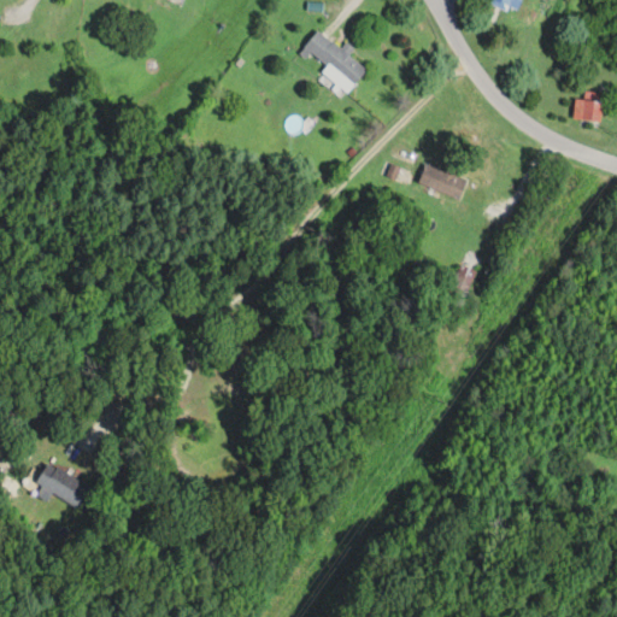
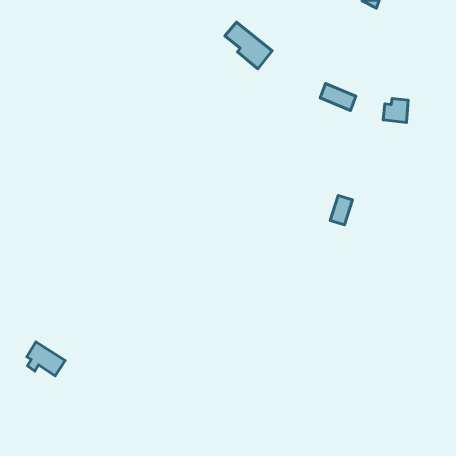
building: [572,89,606,122] -> [383,98,408,123]
building: [419,163,468,199] -> [320,84,356,110]

